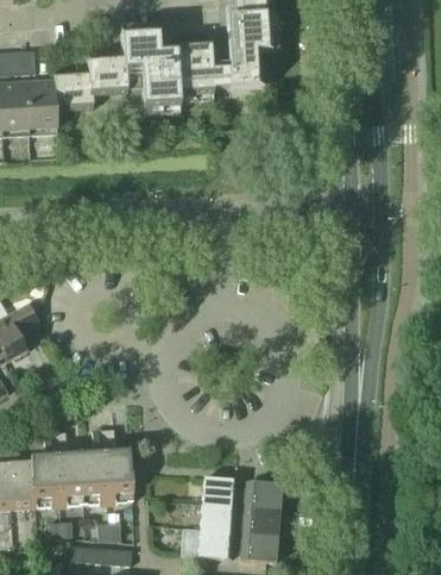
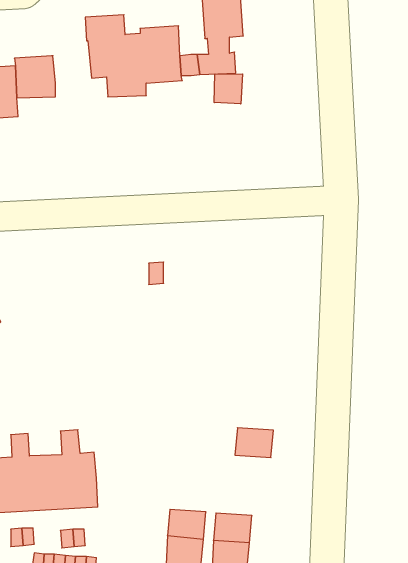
building: [87,55,126,95] -> none
building: none -> [214,74,243,104]
building: [201,476,237,506] -> none
building: [245,481,282,510] -> [235,428,273,458]

